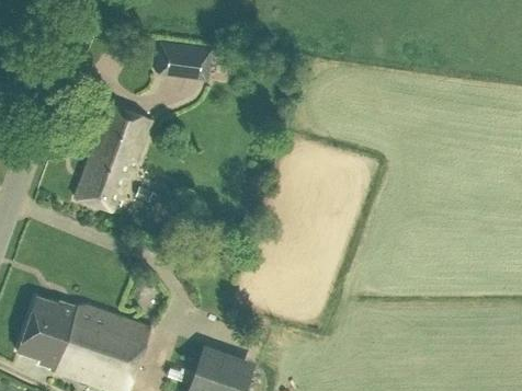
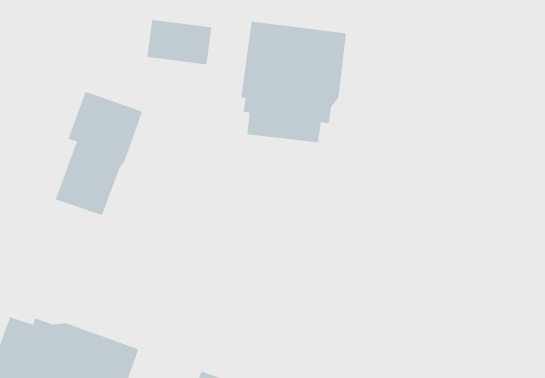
building: none -> [241,21,347,143]

